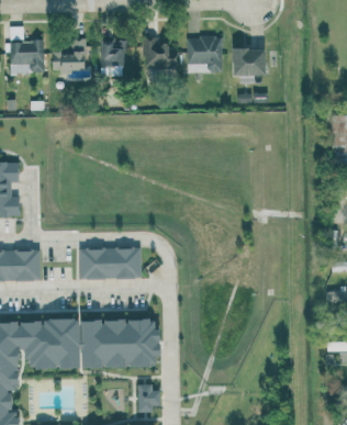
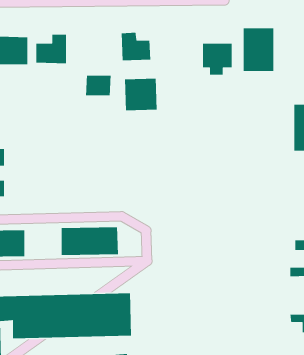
building: none -> [243,27,274,72]
building: [188,36,224,72] -> [124,78,158,111]
building: [101,41,130,64] -> [85,75,112,96]

